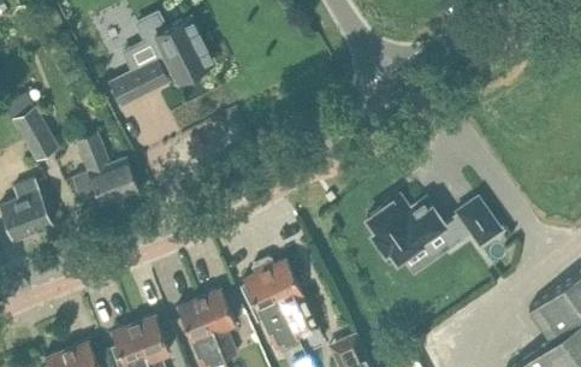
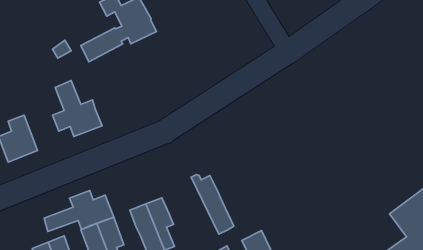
building: [12,106,58,160] -> none
building: [366,197,500,264] -> none
building: [239,262,297,349] -> none
building: none -> [44,191,114,231]

